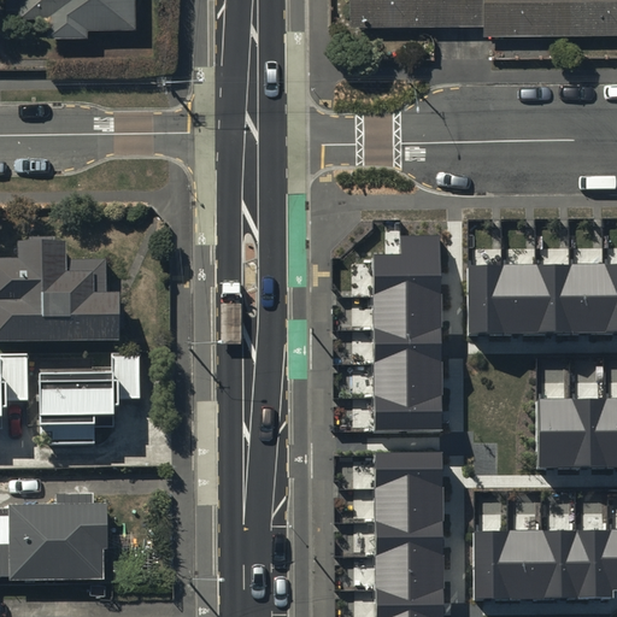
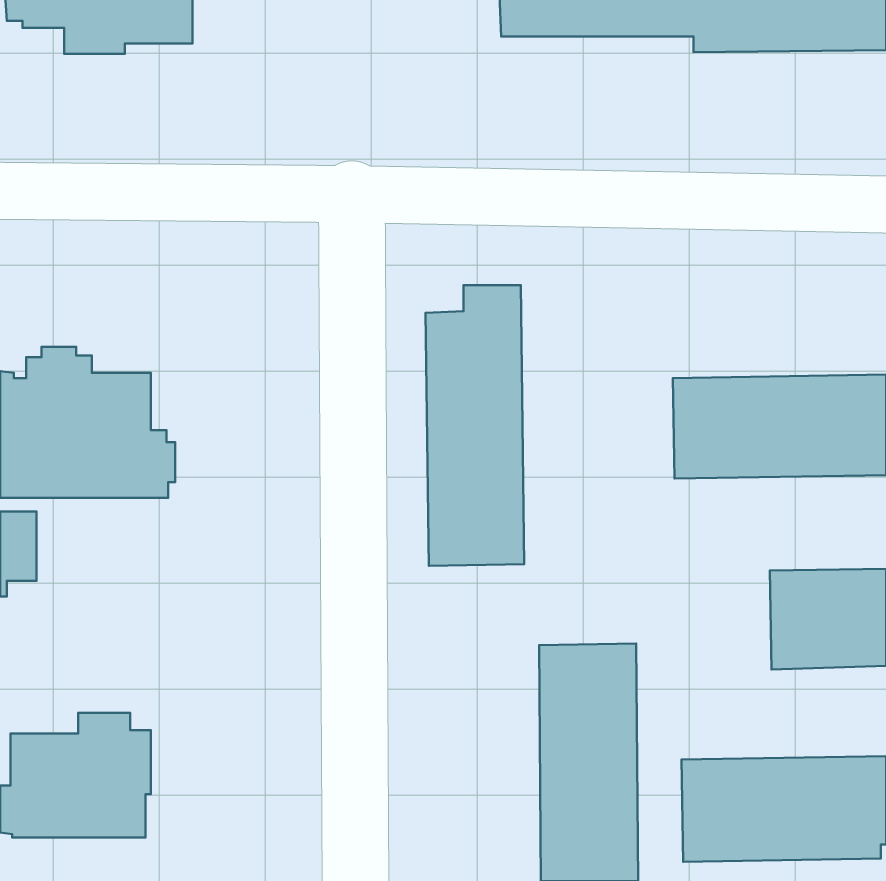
building: [374,233,442,428] -> [425,285,524,566]
building: [37,353,137,448] -> none

